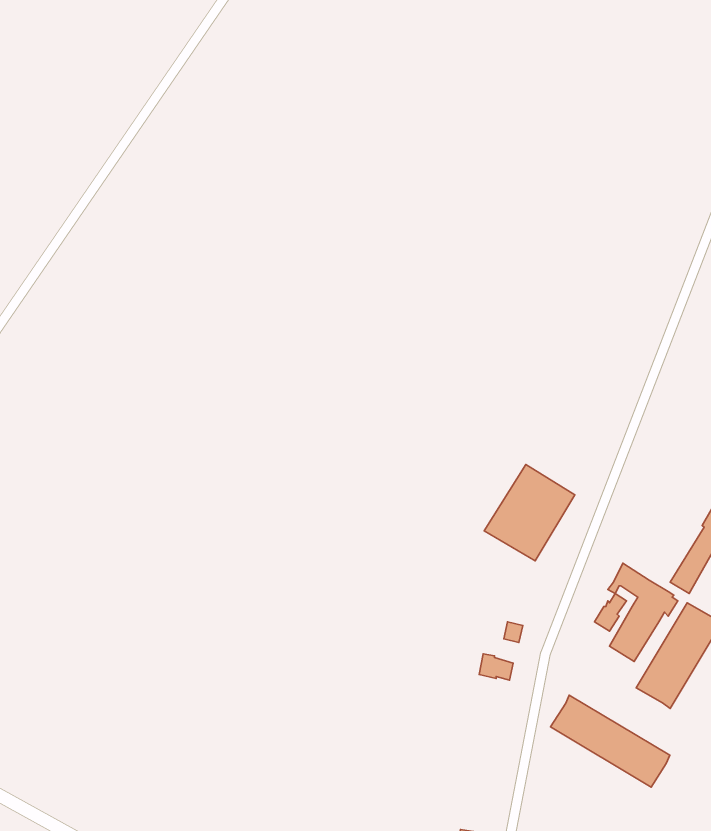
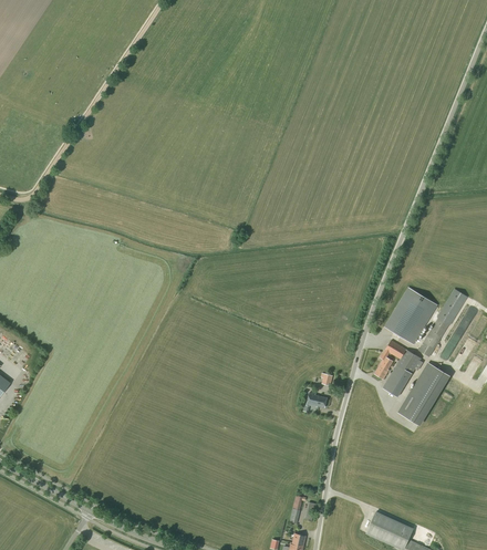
building: [484,465,575,561] -> [384,288,437,344]
building: [551,695,670,787] -> none

